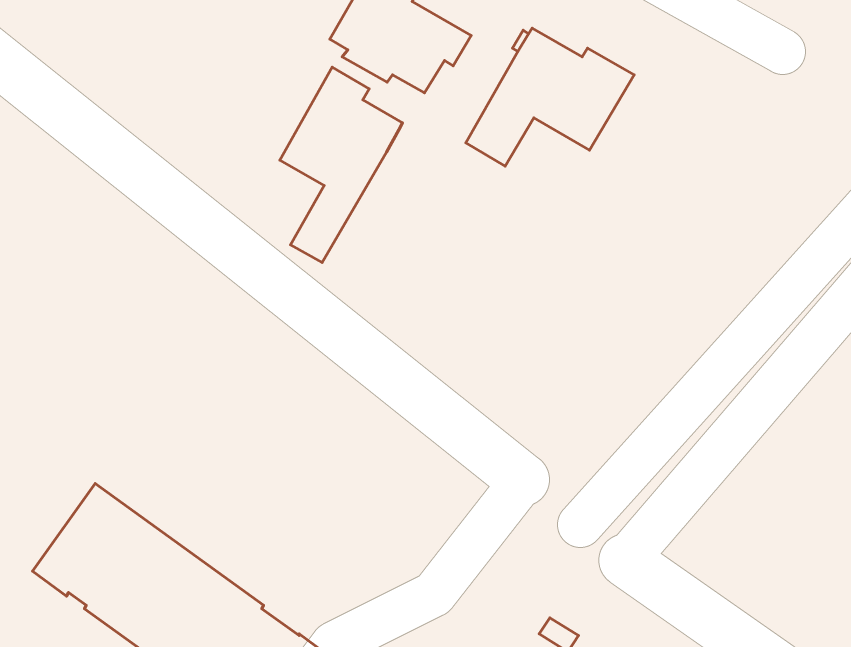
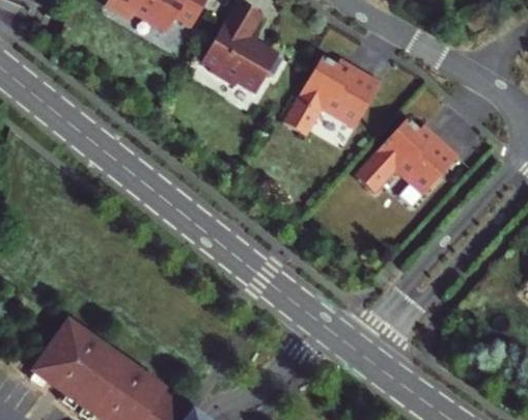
building: [280,67,403,263] -> none
building: none -> [349,124,452,200]

